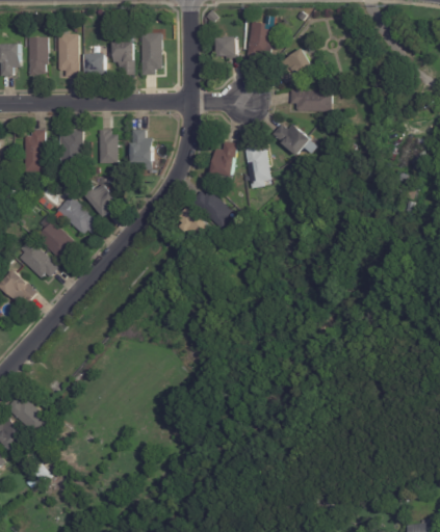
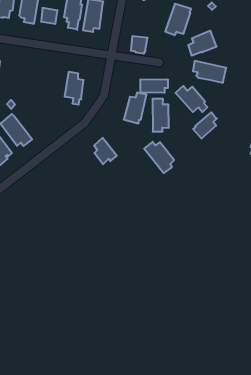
building: [217,36,237,57] -> [131,36,148,54]
building: none -> [140,79,168,93]
building: [58,130,81,169] -> none
building: [98,130,117,163] -> none
building: none -> [193,112,217,139]
building: [80,184,114,217] -> none
building: [190,190,231,229] -> [144,142,174,173]

